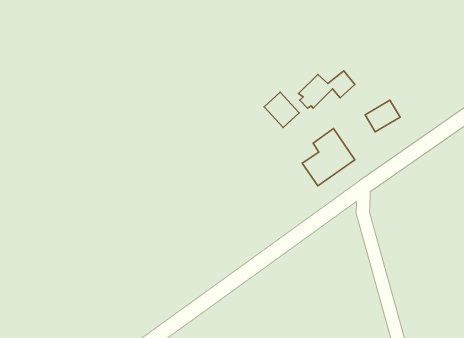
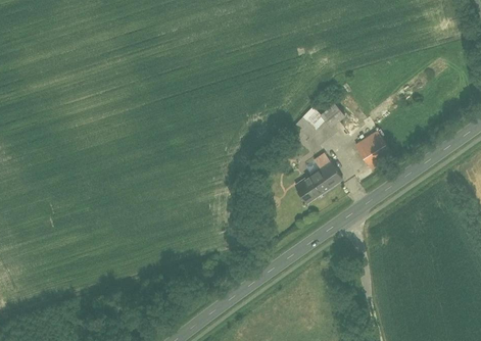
building: [264,92,299,128] -> none

